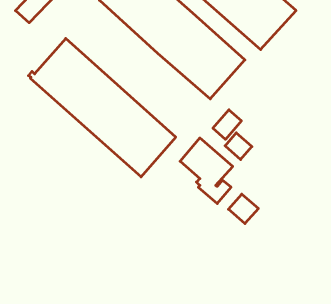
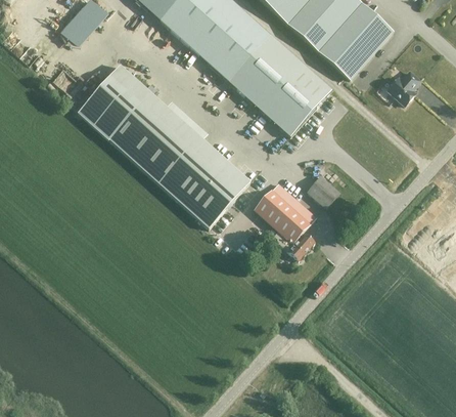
building: none -> [387,70,420,103]
building: [213,110,241,139] -> none
building: [228,194,258,224] -> none

